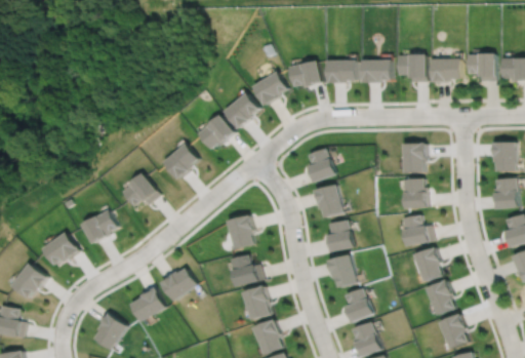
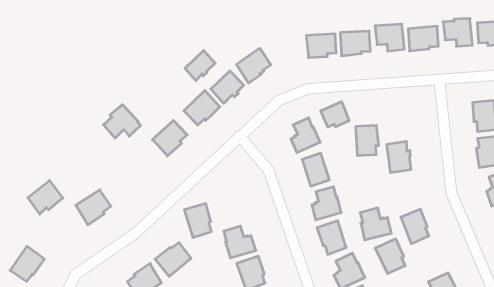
building: [290,62,324,88] -> none
building: none -> [185,50,215,81]
building: none -> [321,102,349,127]
building: [403,142,426,171] -> [356,125,379,156]
building: [122,171,160,205] -> [103,105,141,138]
building: [402,213,433,245] -> [360,208,391,240]
building: [229,214,255,248] -> [184,204,211,238]
building: [43,231,79,265] -> [28,180,63,214]
building: [425,279,454,314] -> [375,239,405,274]

